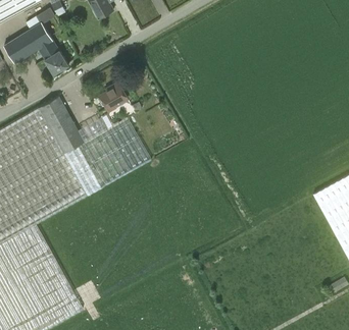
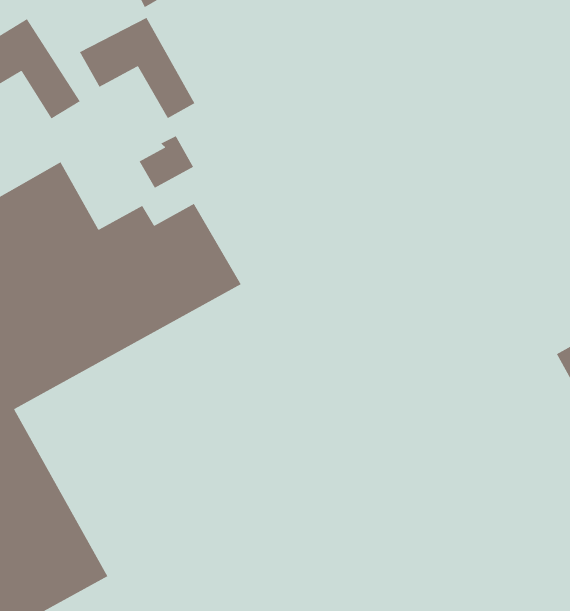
building: none -> [79,17,196,119]

